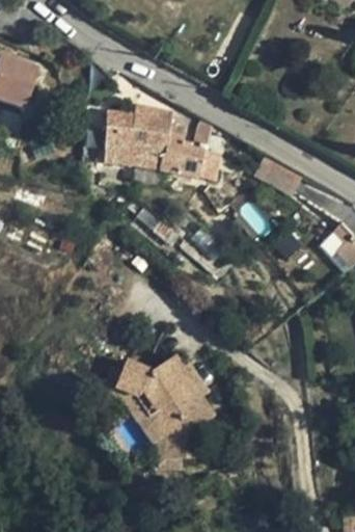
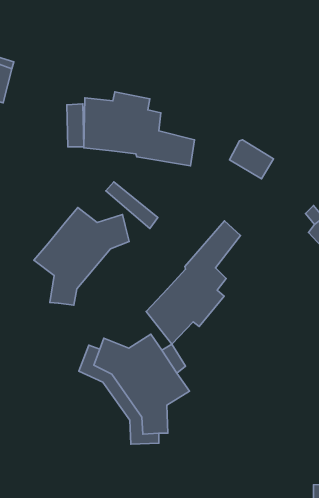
building: none -> [34,207,129,305]
building: none -> [146,221,241,344]

